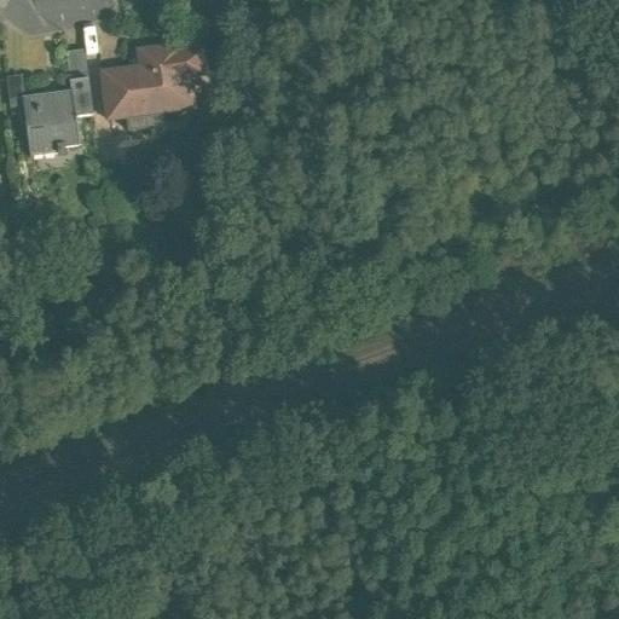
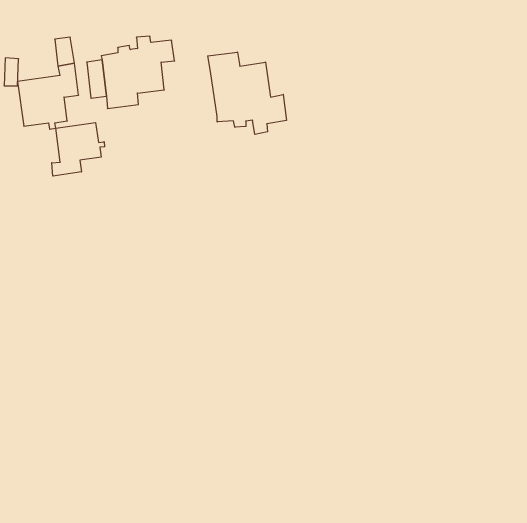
building: none -> [208,52,286,134]
building: none -> [52,123,105,176]

